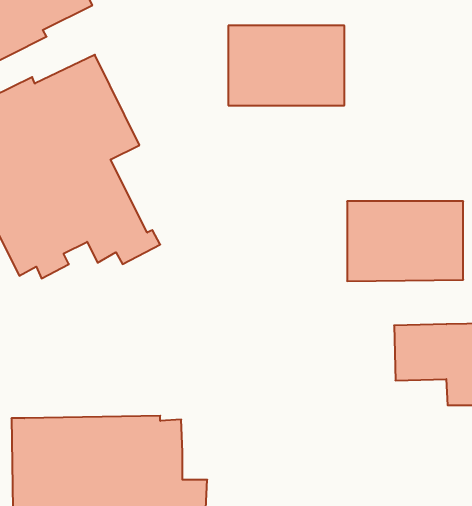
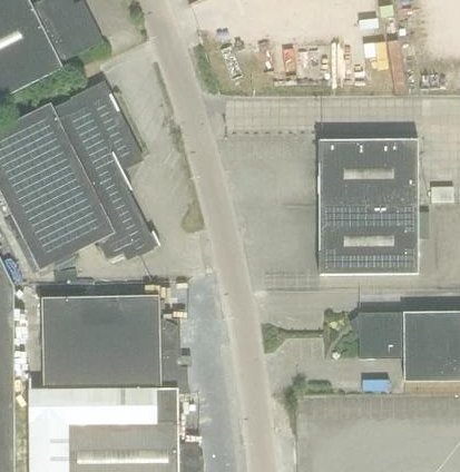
building: [228,26,344,105] -> [317,138,417,206]
building: none -> [41,294,187,393]

